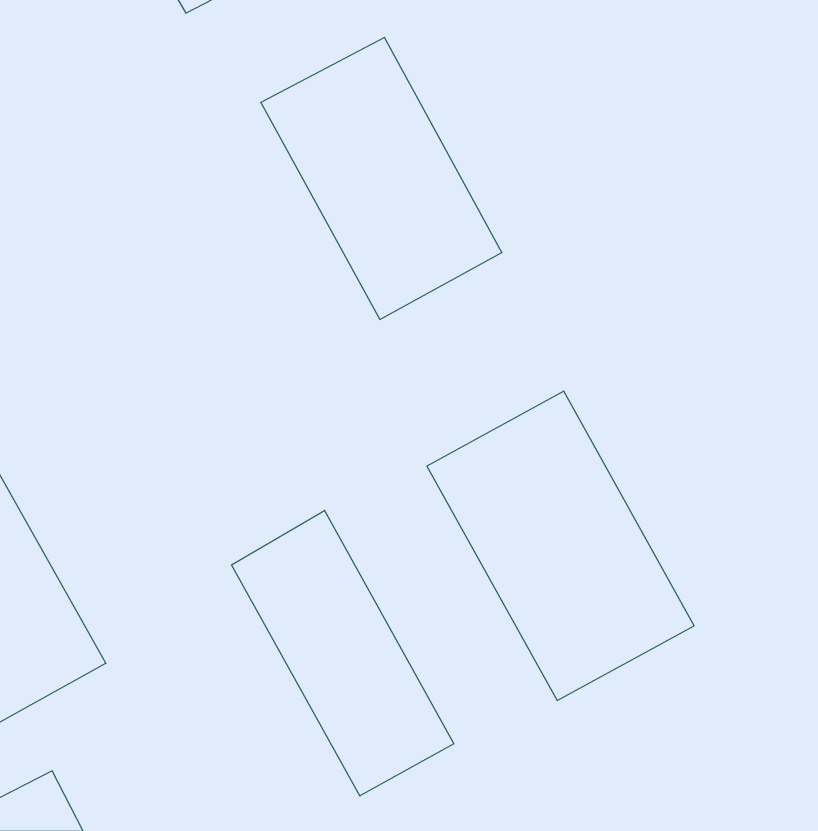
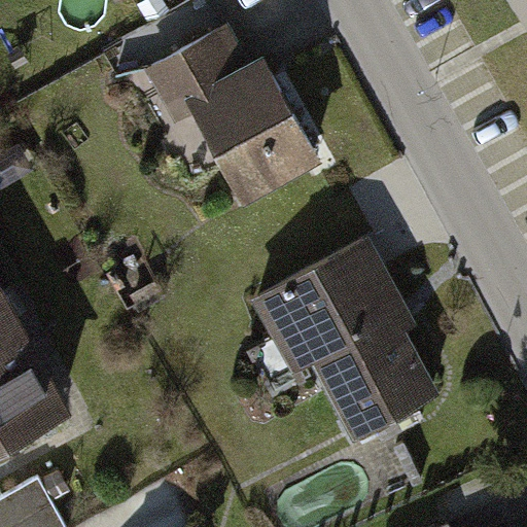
building: [231,510,454,796] -> none

